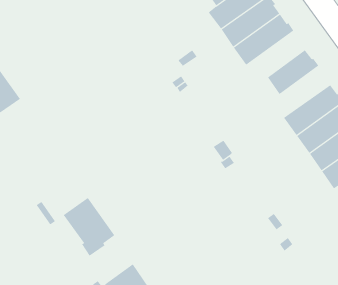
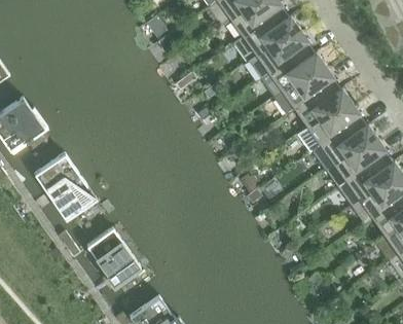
building: none -> [273,60,334,113]
building: none -> [299,96,360,149]
building: none -> [34,155,96,221]

